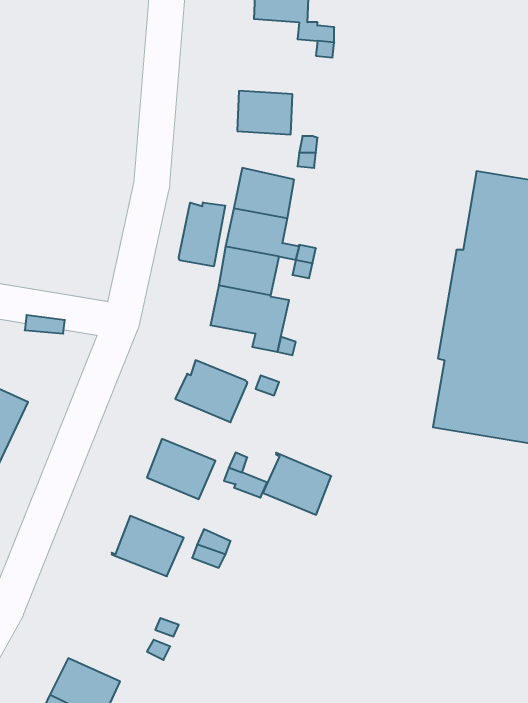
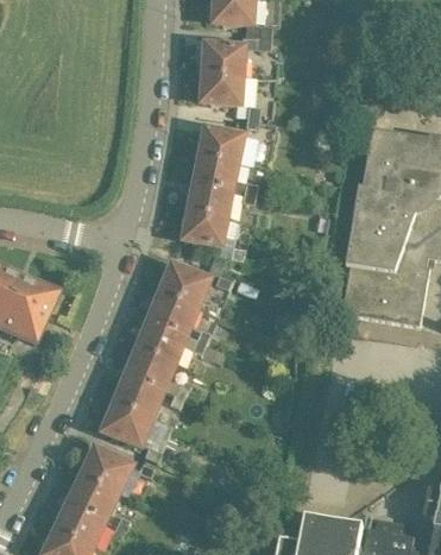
building: none -> [202,43,242,75]
building: [179,202,225,266] -> none
building: [263,453,331,515] -> [147,291,196,335]
building: none -> [125,347,174,390]
building: none -> [101,402,151,446]
building: none -> [81,447,131,492]

